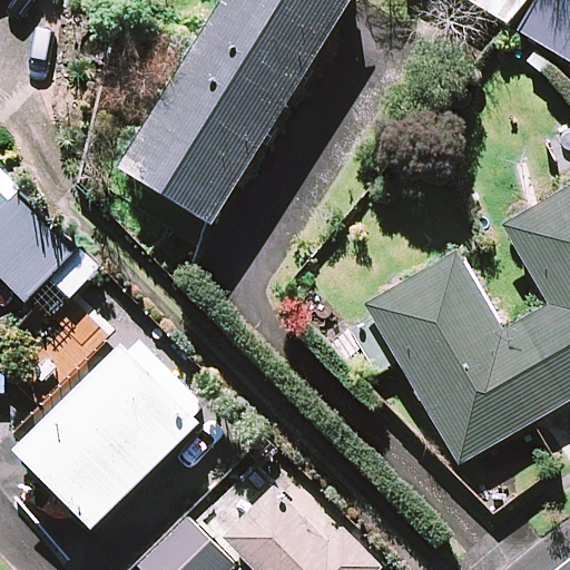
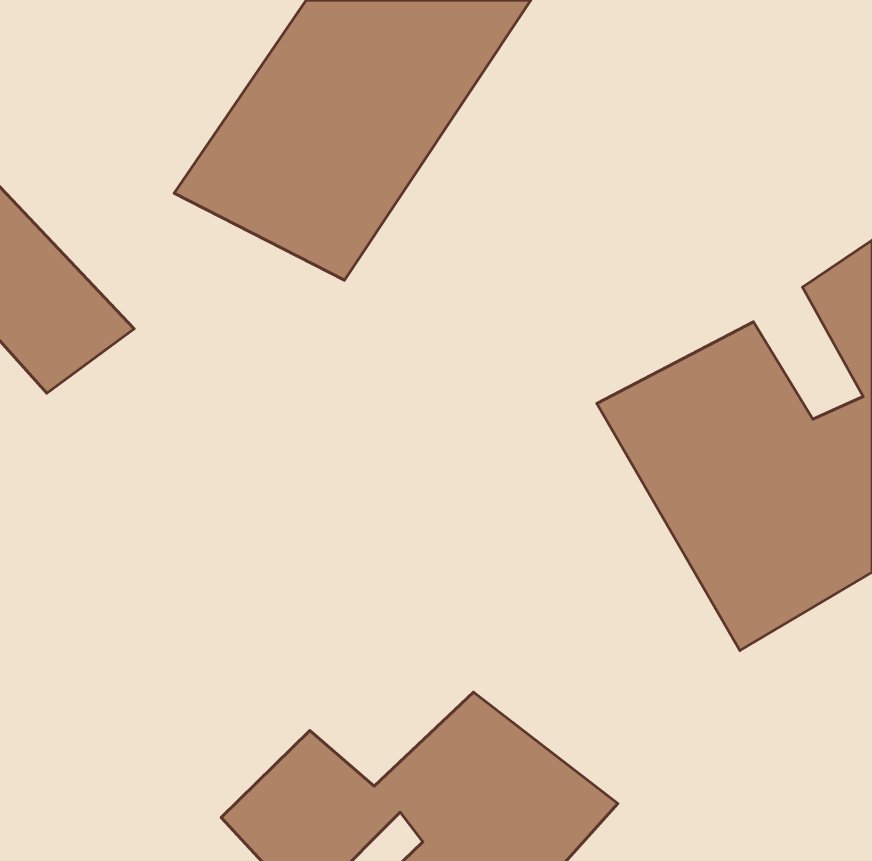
building: [18,303,216,503] -> none

